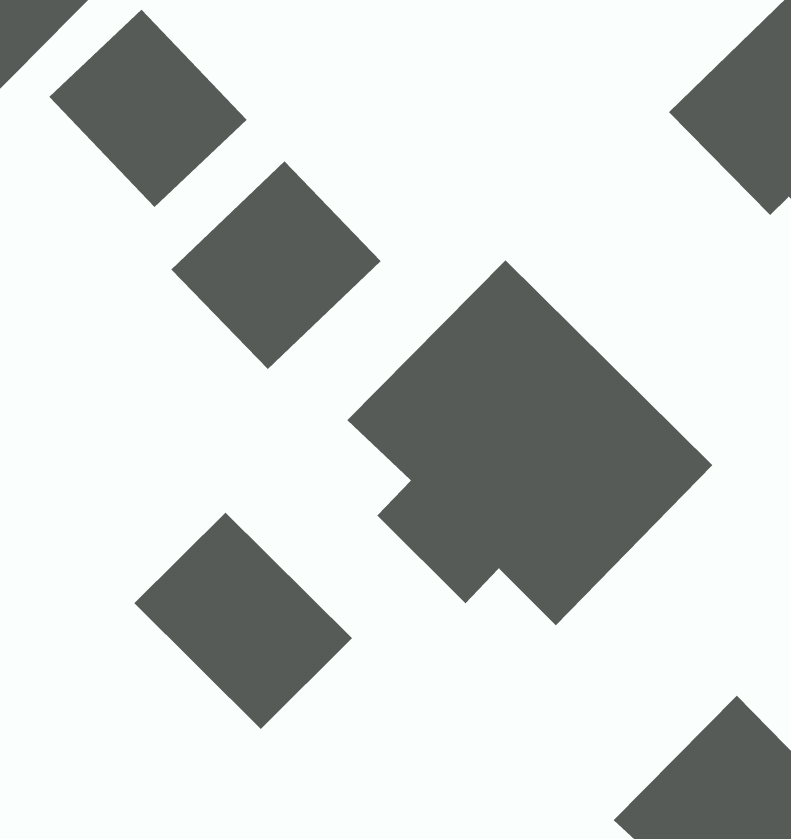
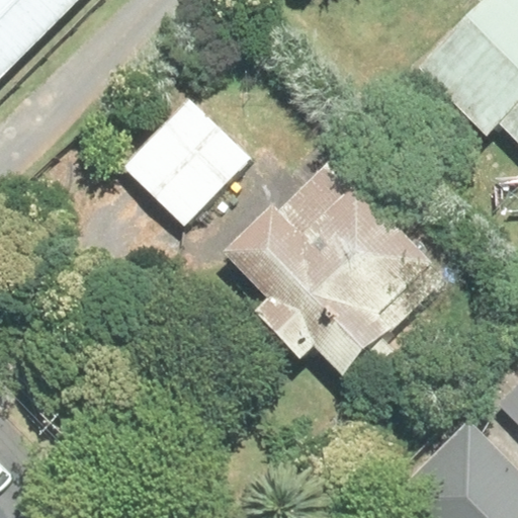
building: [48,9,248,208] -> none
building: [133,512,353,730] -> none

